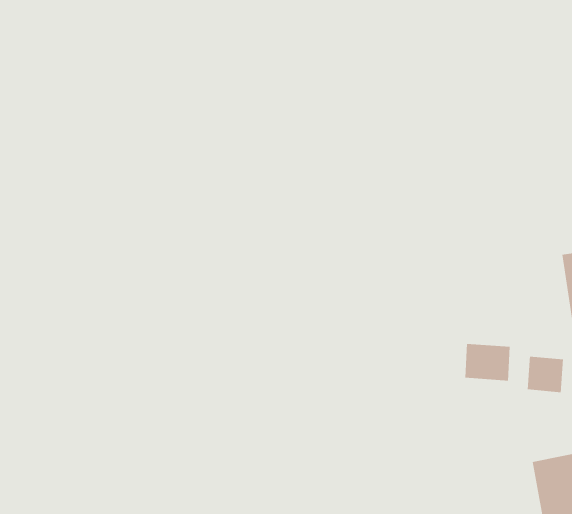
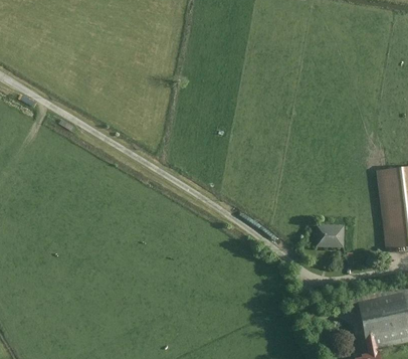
building: [527,356,564,393] -> none

